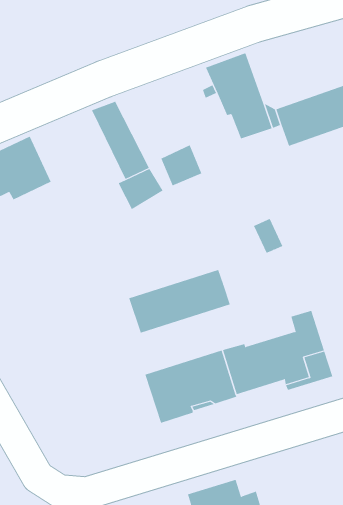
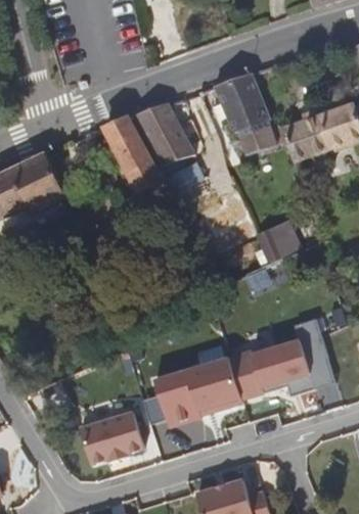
building: none -> [133,102,194,166]
building: [129,269,230,334] -> none
building: none -> [80,411,144,464]

